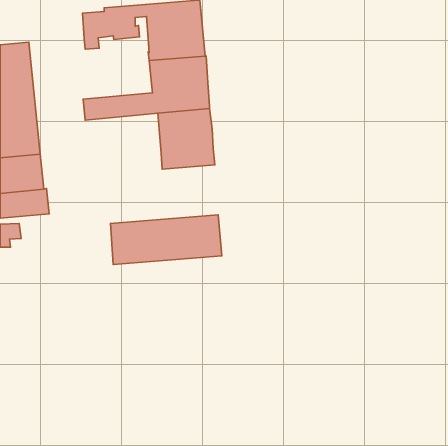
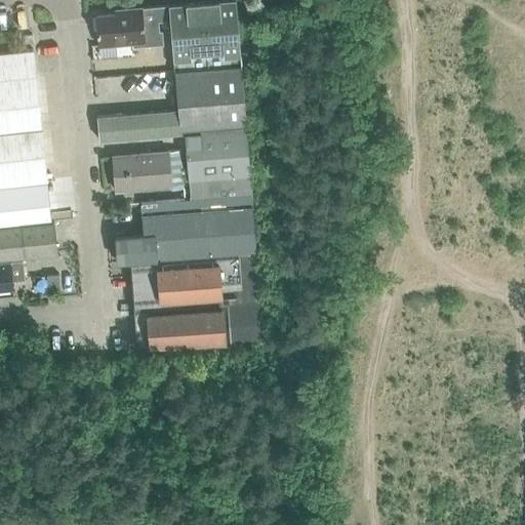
building: none -> [113,152,184,192]
building: none -> [115,195,255,264]
building: none -> [132,301,264,352]

